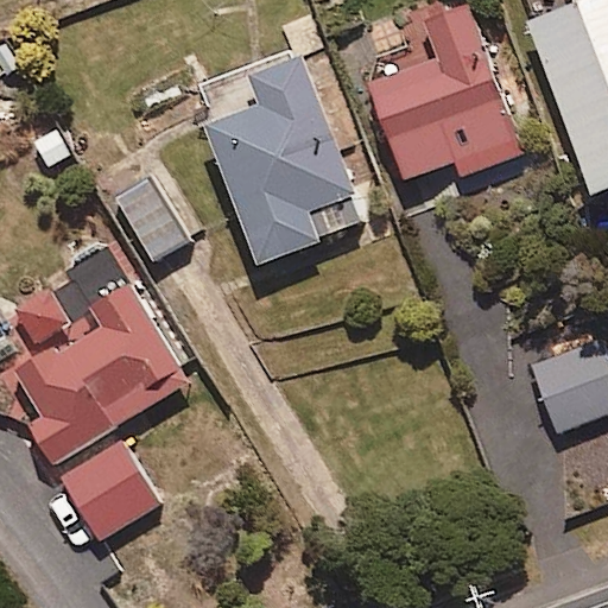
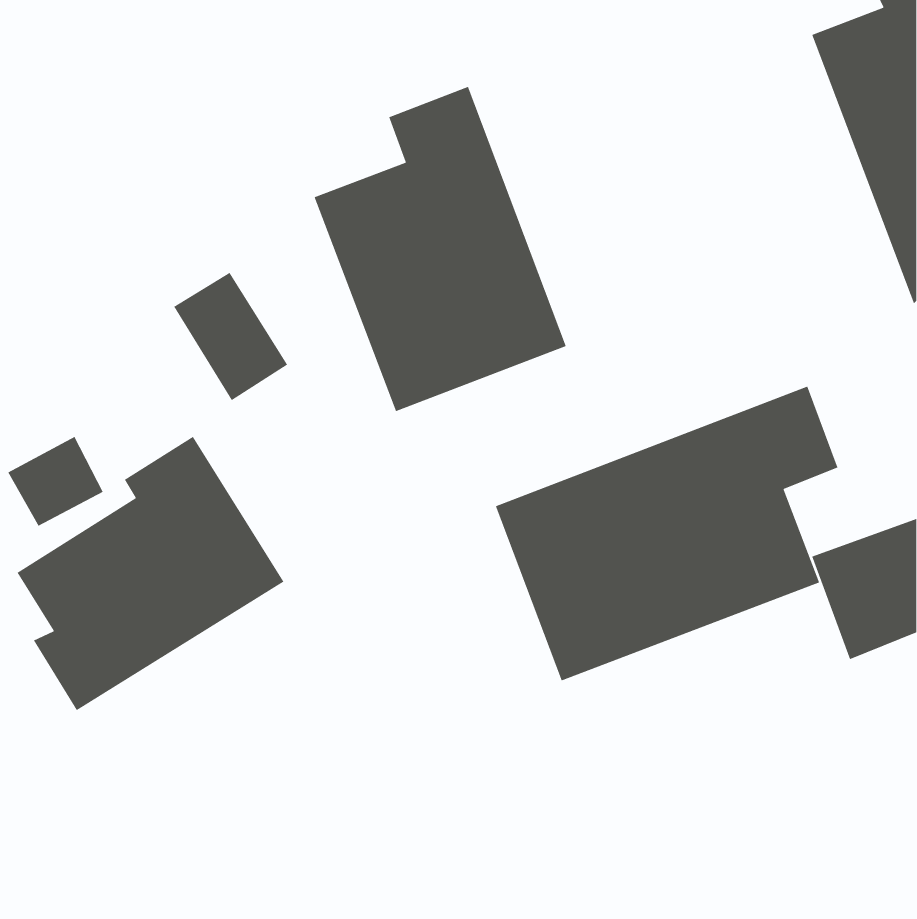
building: [370,7,519,178] -> none
building: none -> [495,386,839,682]
building: [58,438,158,539] -> none

